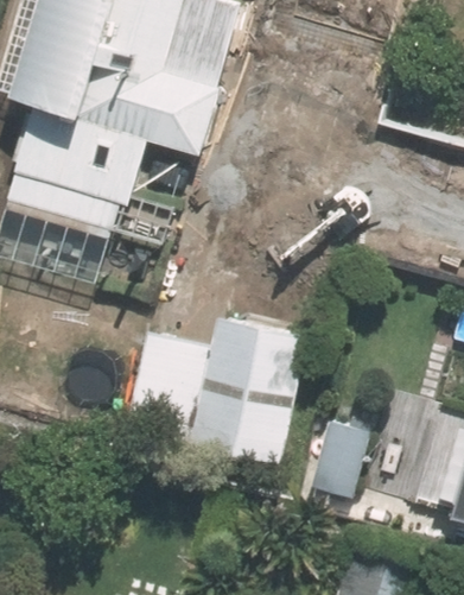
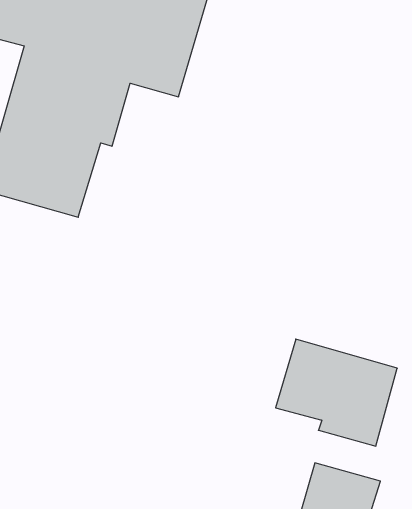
building: [123,319,294,464] -> none

